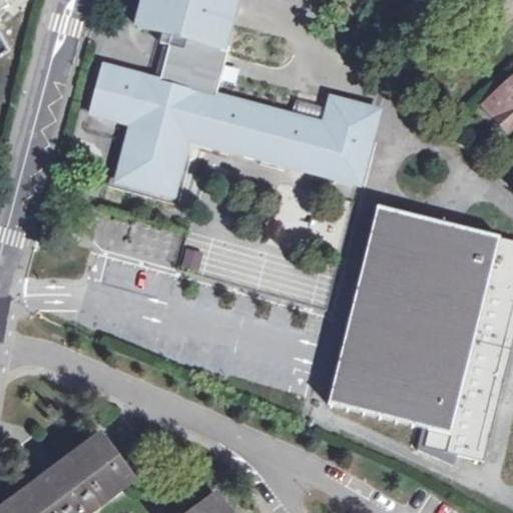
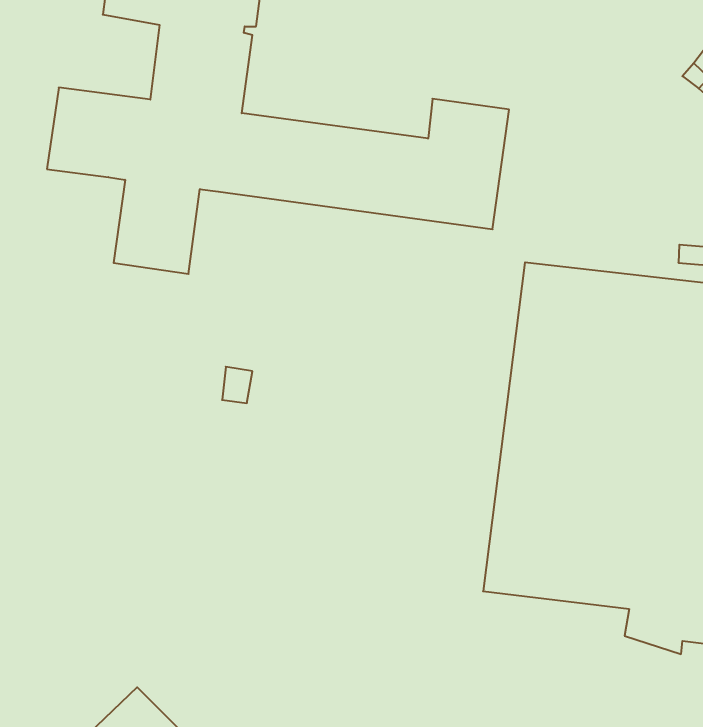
building: [111,119,195,202] -> none

